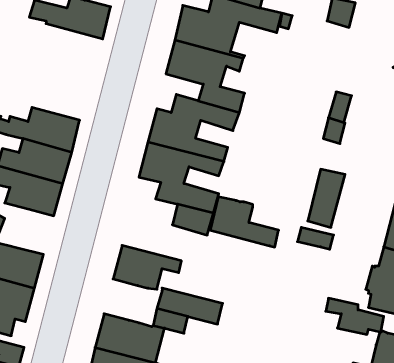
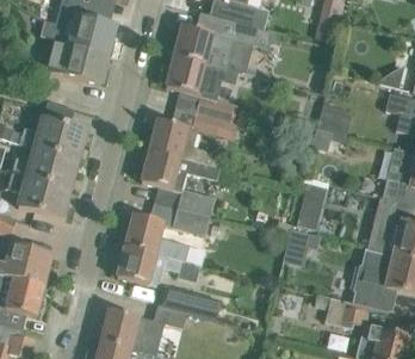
building: none -> [48,39,107,82]
building: [210,197,279,247] -> [125,213,188,260]

